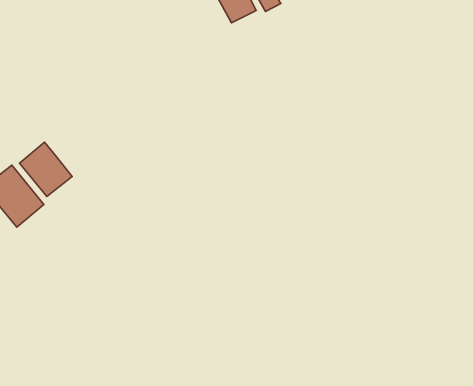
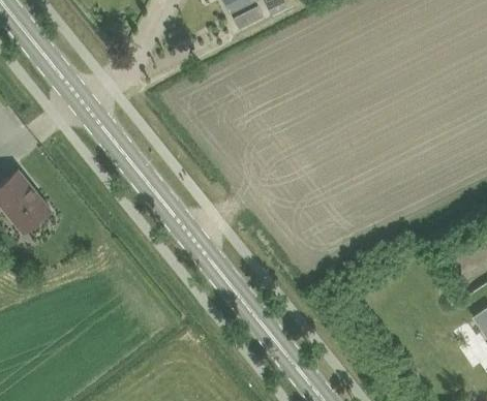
building: [20,142,72,196] -> none

